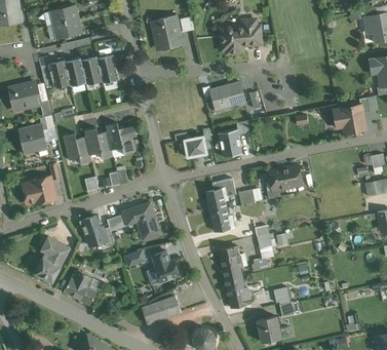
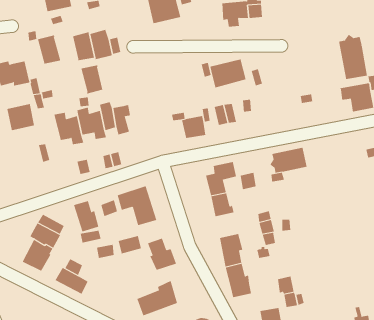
building: [64,59,85,86] -> [80,65,103,94]
building: none -> [339,34,368,80]
building: [23,177,54,203] -> none

